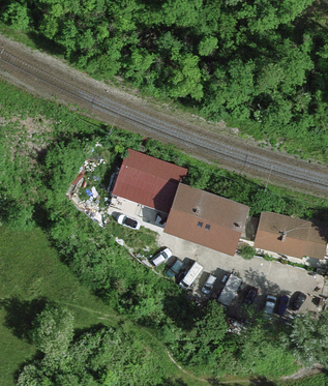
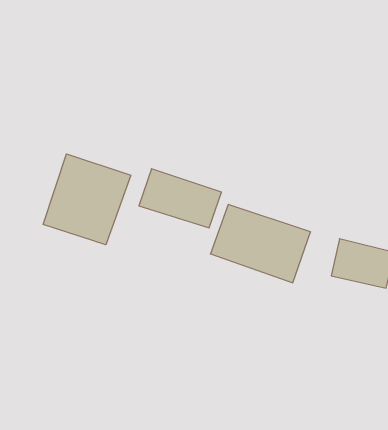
building: none -> [43,154,131,245]

